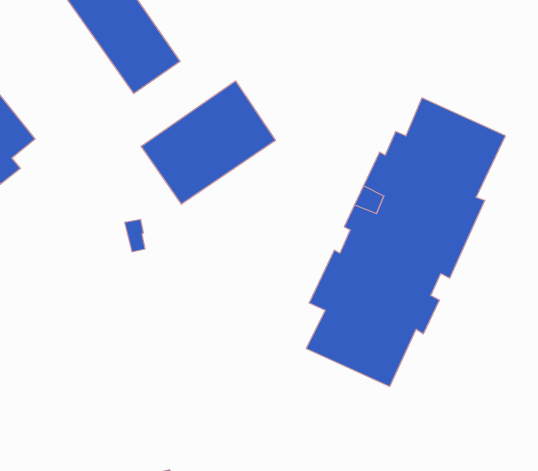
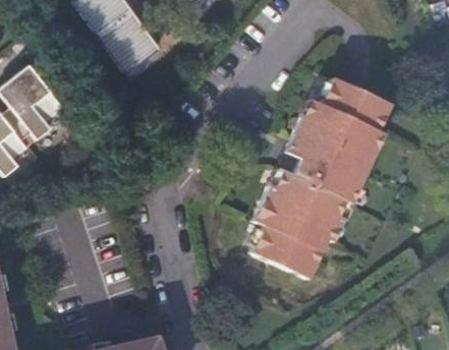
building: [141,81,276,204] -> none

